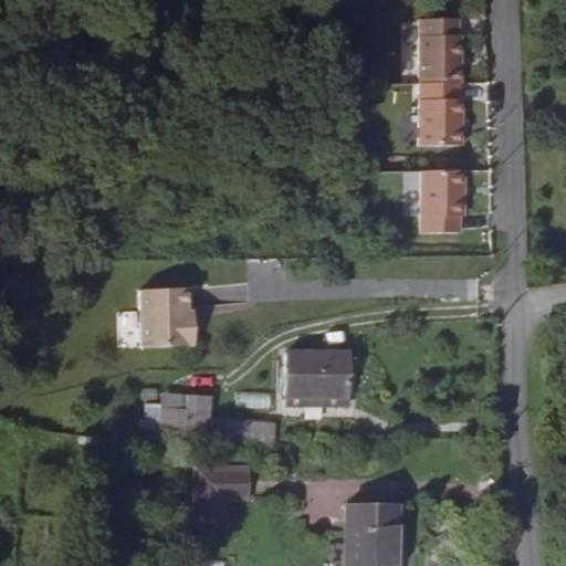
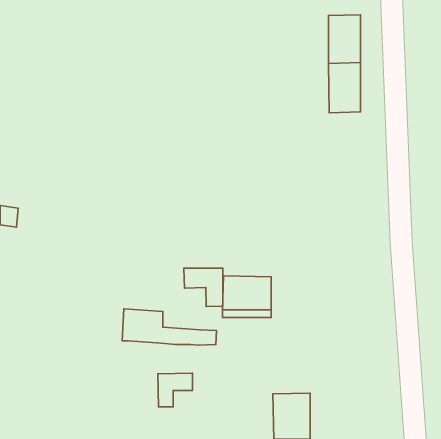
building: [423,167,468,223] -> none
building: [134,289,186,346] -> none
building: none -> [184,268,223,307]

